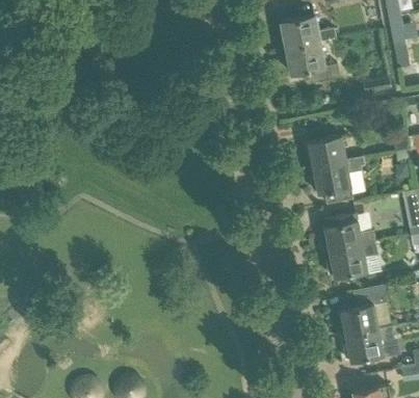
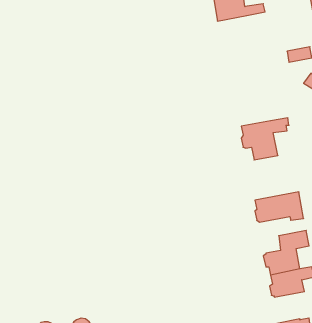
building: [284,41,340,83] -> none
building: [304,134,344,166] -> none
building: [320,214,376,250] -> none

